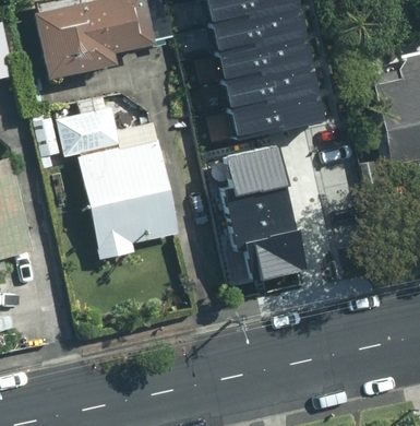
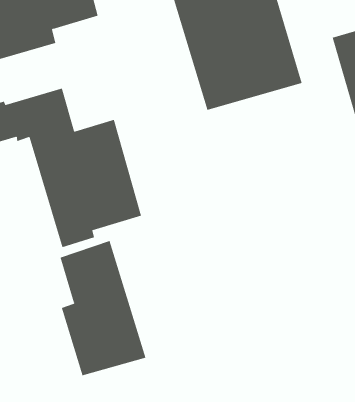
building: [223,146,314,291] -> none
building: none -> [60,240,146,376]

